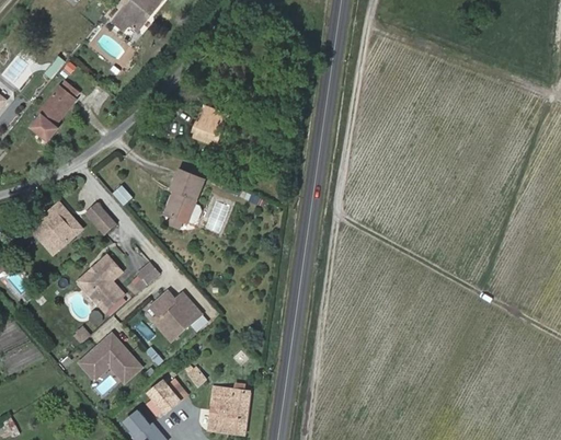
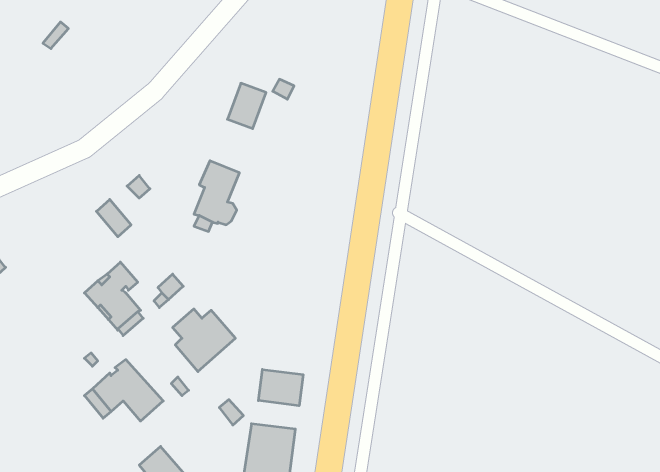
building: [32,81,79,139] -> none
building: [31,200,82,252] -> none
building: none -> [258,369,303,406]
building: [148,381,180,414] -> none

